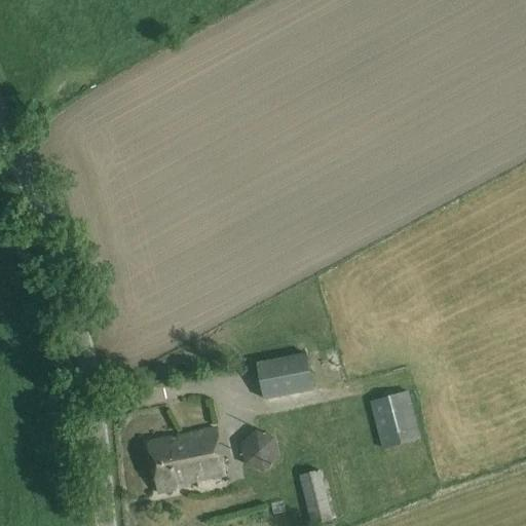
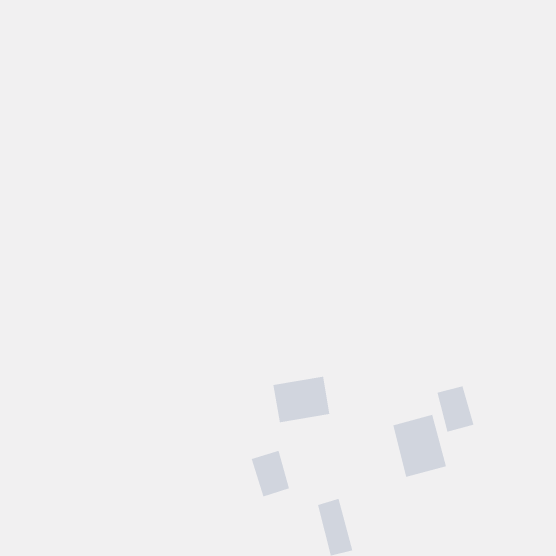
building: none -> [437,385,474,433]
building: [149,428,225,491] -> none

